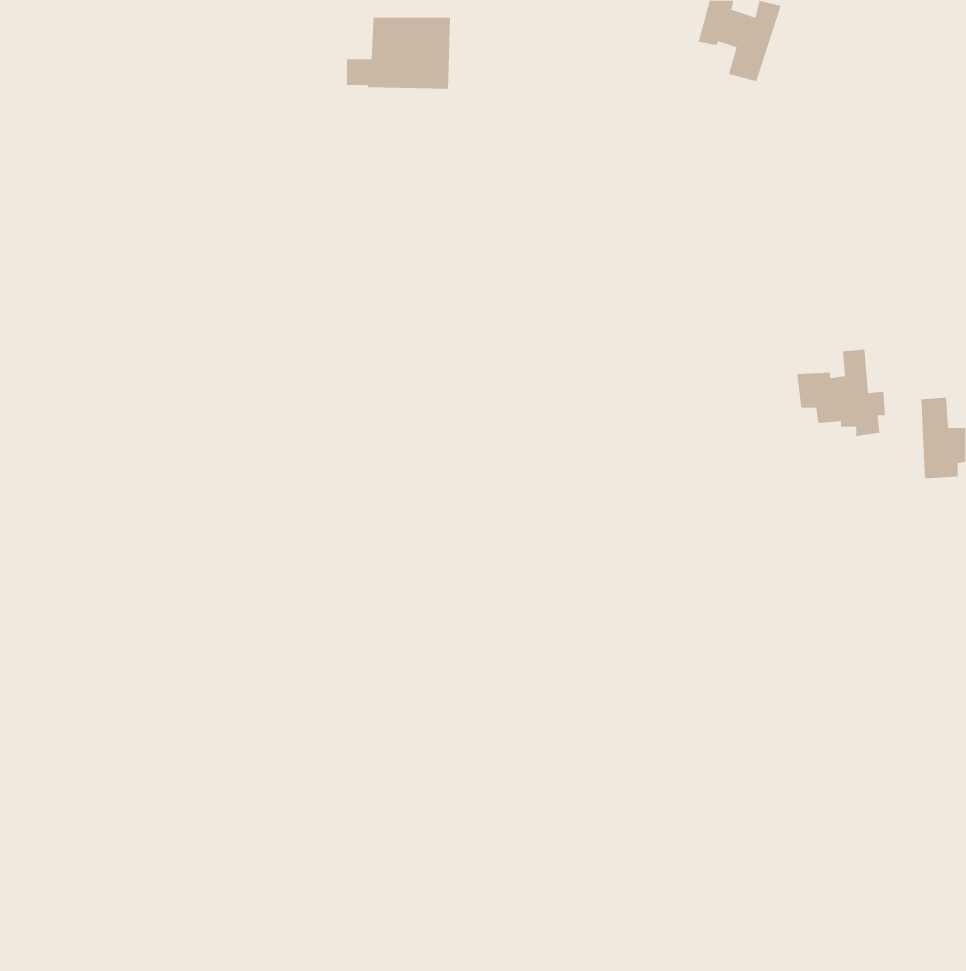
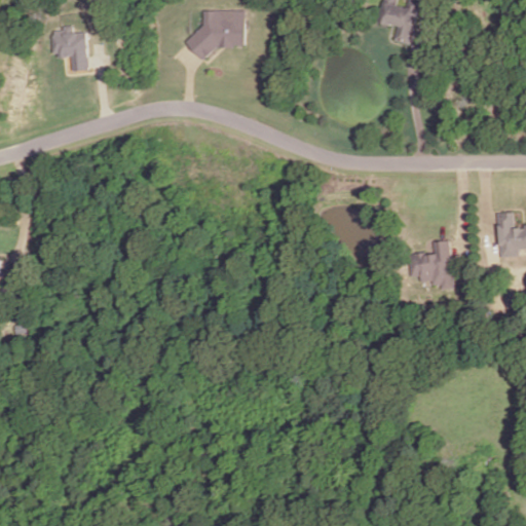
building: none -> [52,26,88,70]
building: [797,349,886,437] -> [408,242,456,290]

